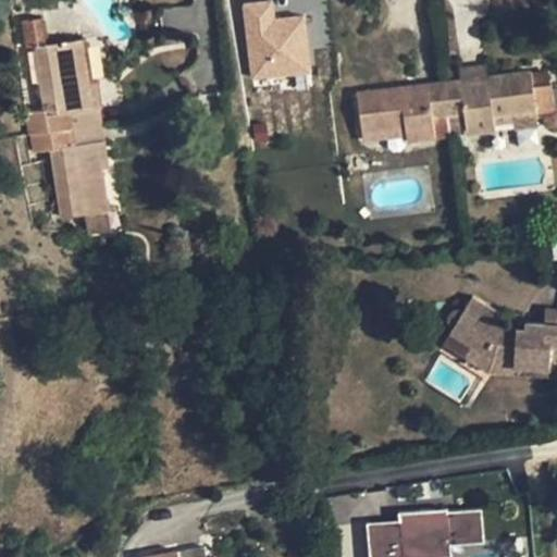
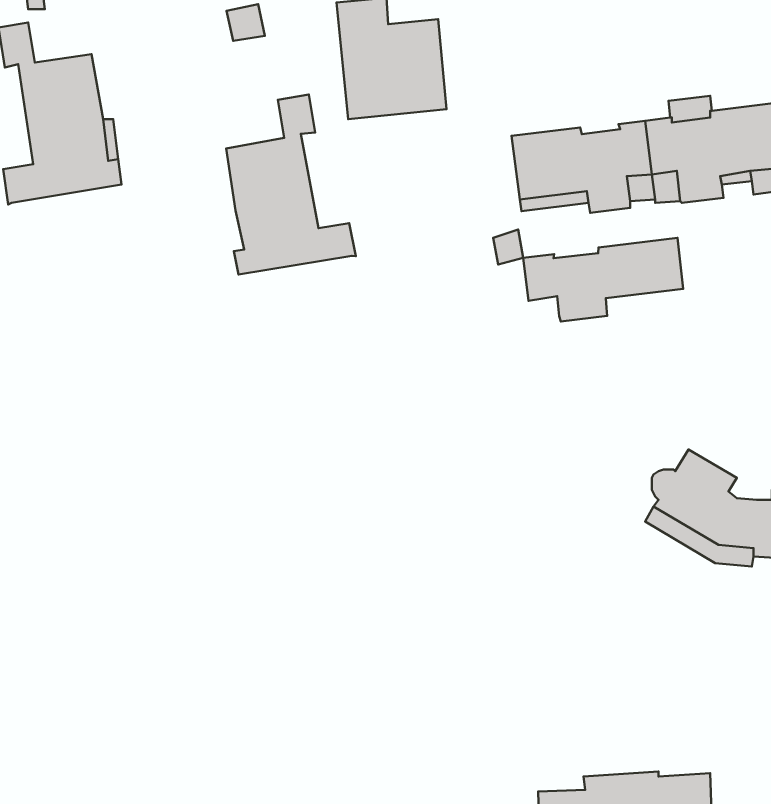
building: none -> [226,95,356,275]
building: [29,124,111,236] -> none
building: none -> [523,238,683,321]

